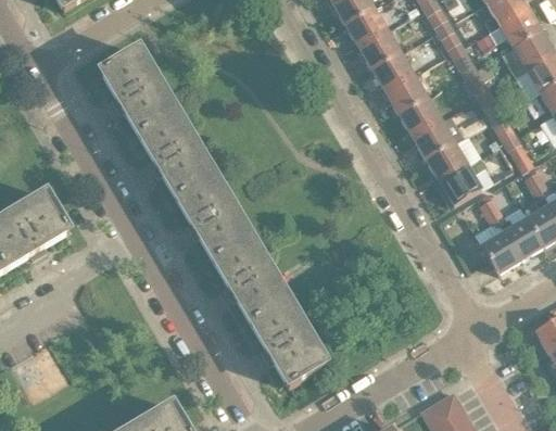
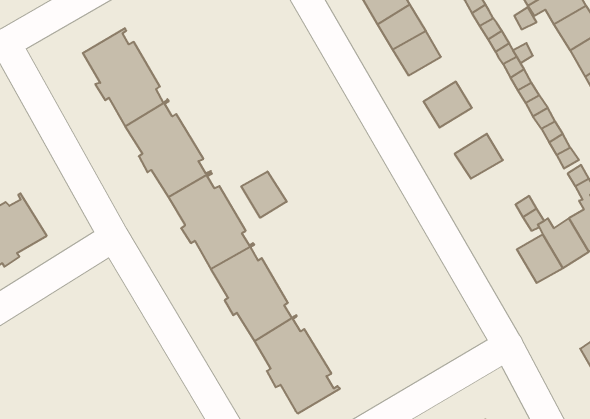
building: [384,72,426,111] -> none
building: [412,116,453,156] -> none
building: [439,153,484,201] -> none
building: none -> [241,171,287,218]

